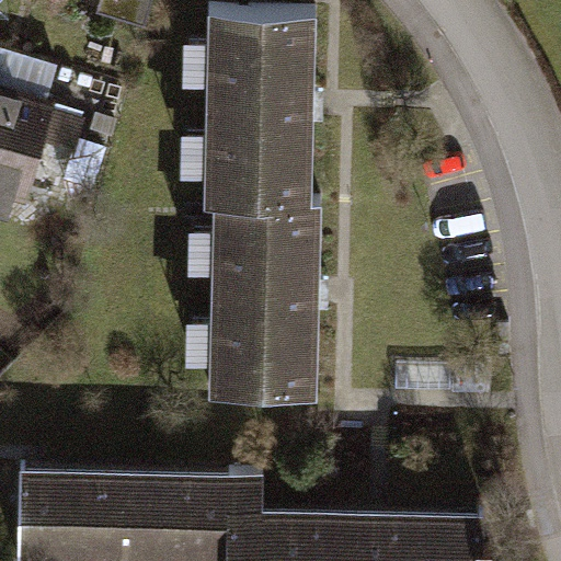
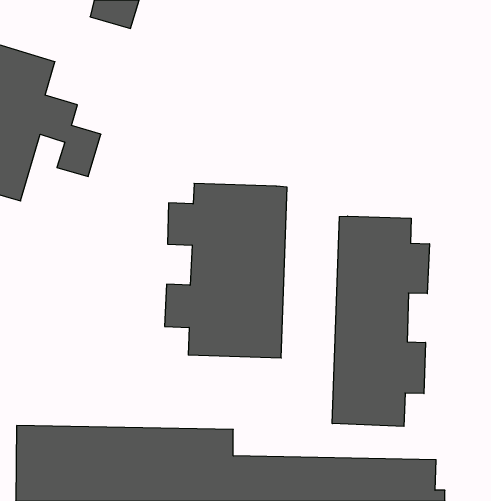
building: [181,13,316,208] -> none
building: none -> [332,216,429,426]

